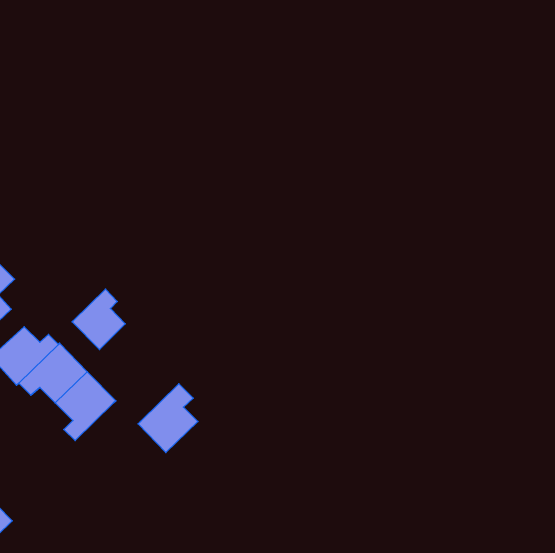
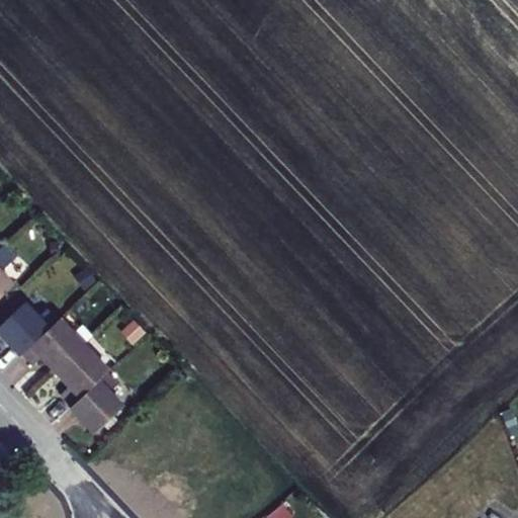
building: [72,289,125,349] -> none
building: [138,384,198,452] -> [67,369,121,432]

